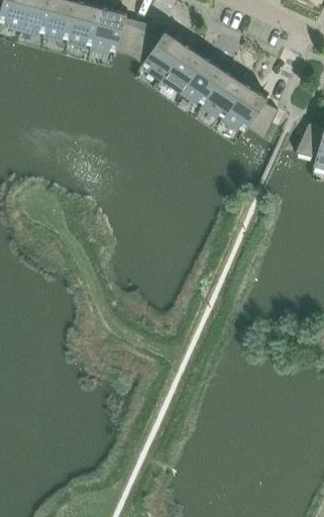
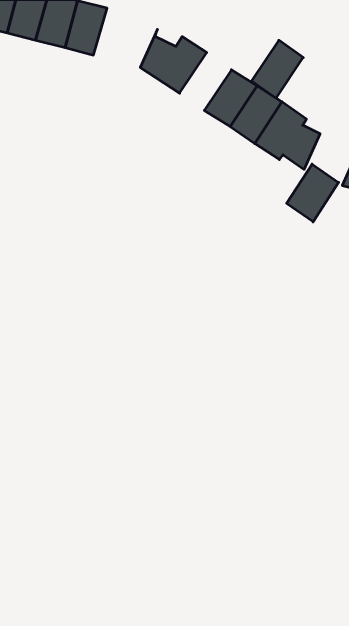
building: [92,9,144,58] -> none
building: [163,45,205,93] -> [252,40,303,98]
building: none -> [287,164,339,222]

